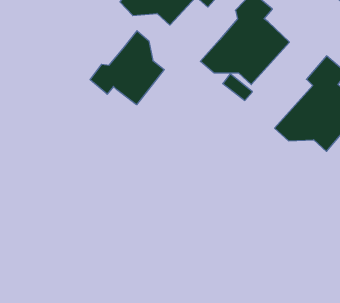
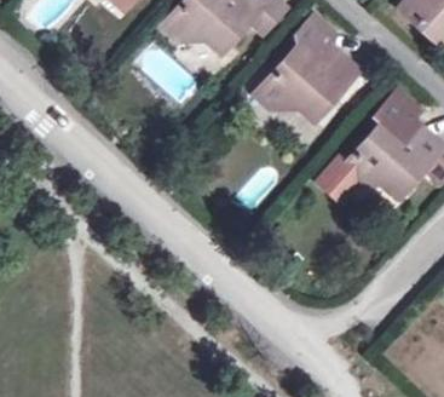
building: [90,31,164,105] -> none

